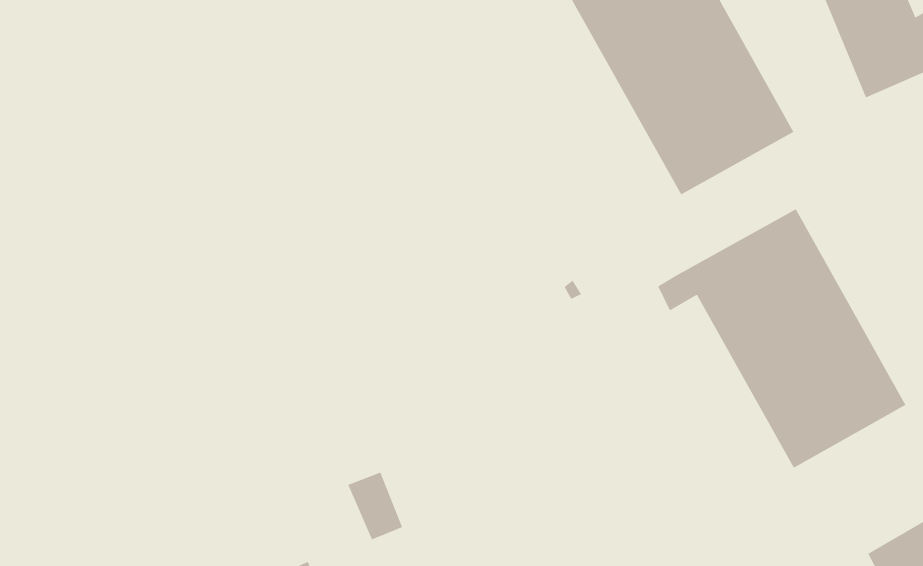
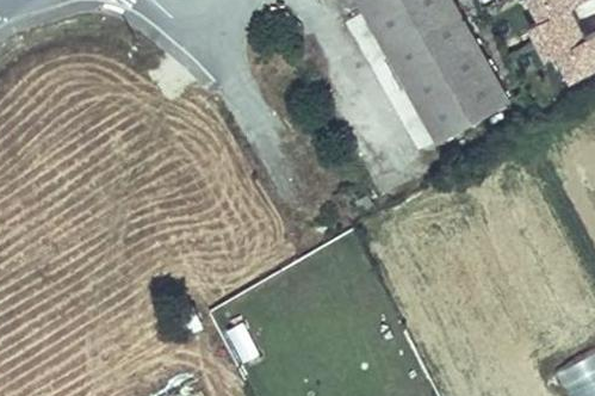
building: [657,208,906,469] -> none

